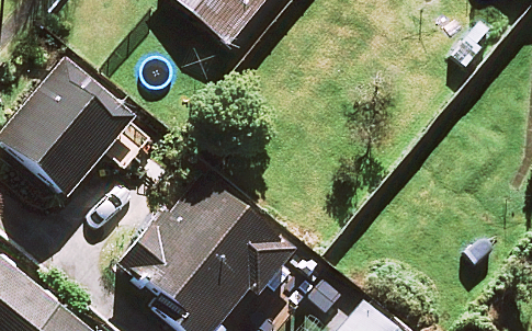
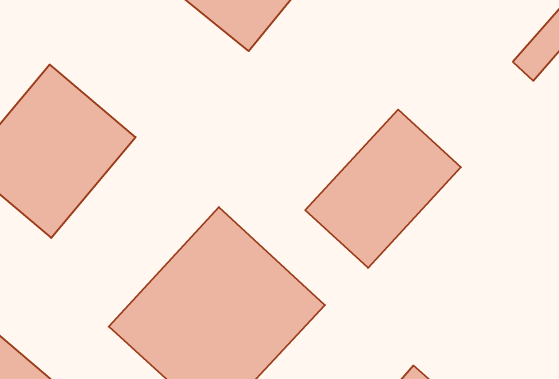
building: none -> [305,110,461,268]

